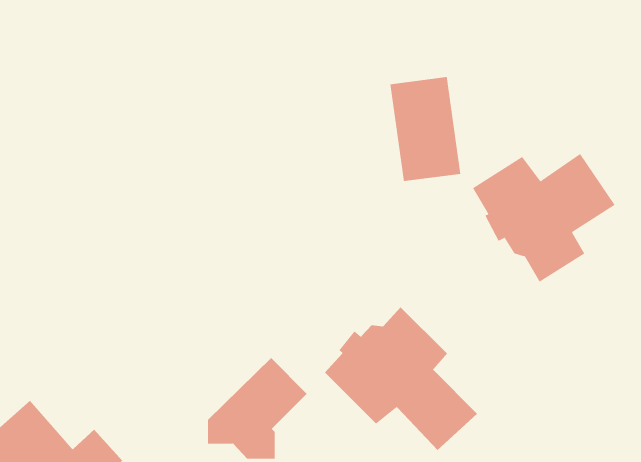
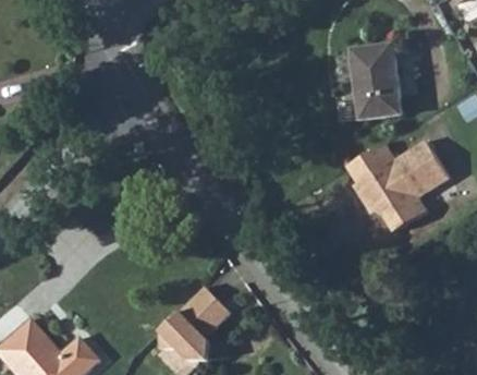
building: [390,77,461,182] -> [351,47,402,122]
building: [324,306,478,451] -> none

